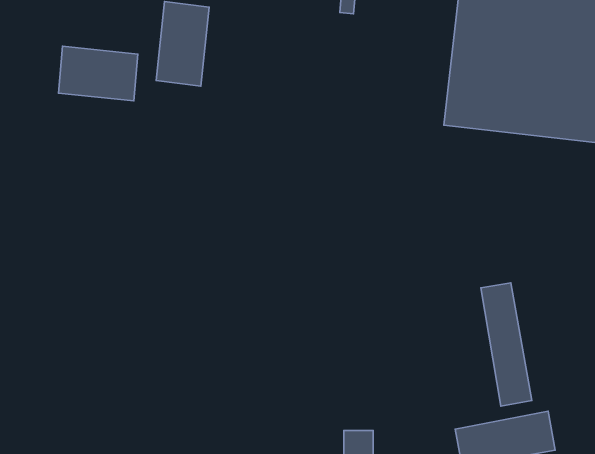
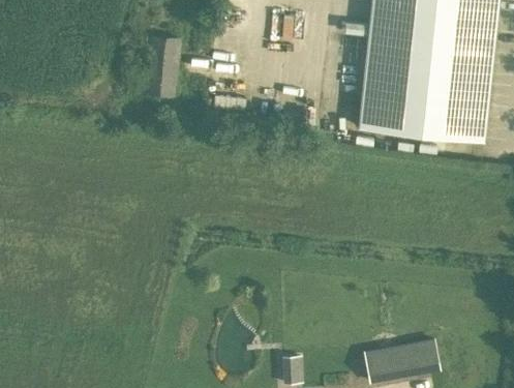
building: [58,46,138,101] -> none
building: [481,283,532,406] -> none

